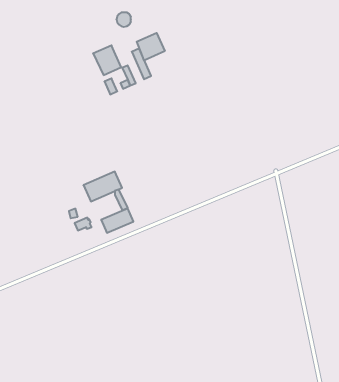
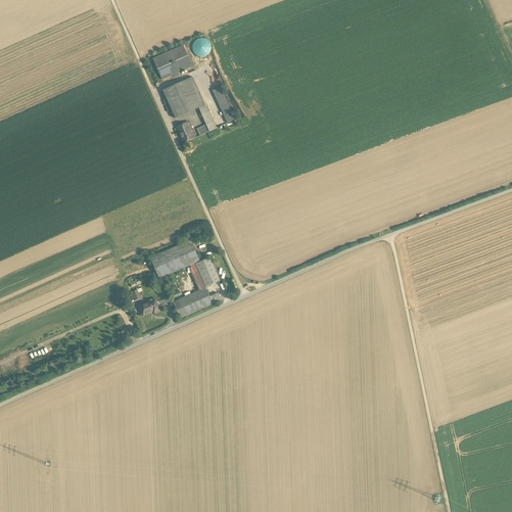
building: none -> [153,44,192,78]
building: [137,33,165,60] -> none
building: none -> [195,255,220,285]

